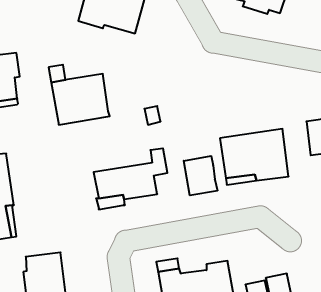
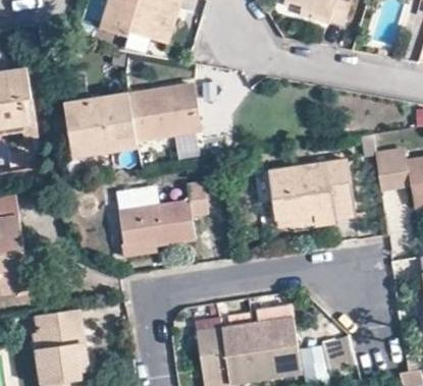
building: none -> [129,85,198,139]
building: [184,156,217,195] -> none

